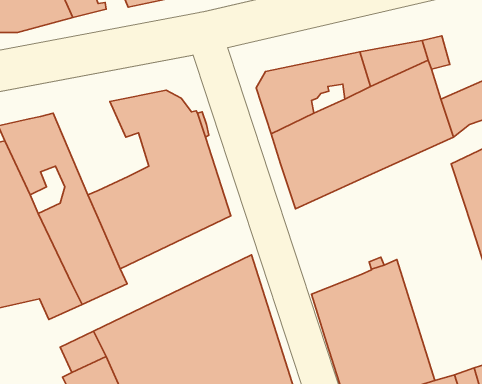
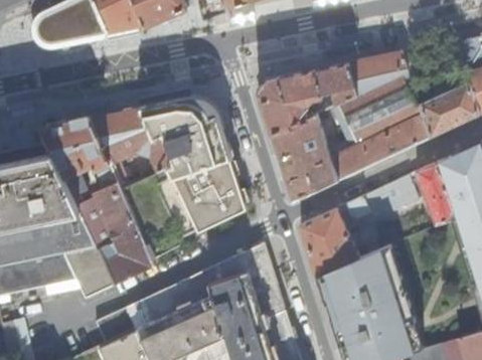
building: none -> [90,108,173,189]
building: none -> [415,162,456,226]
building: none -> [299,176,418,276]

